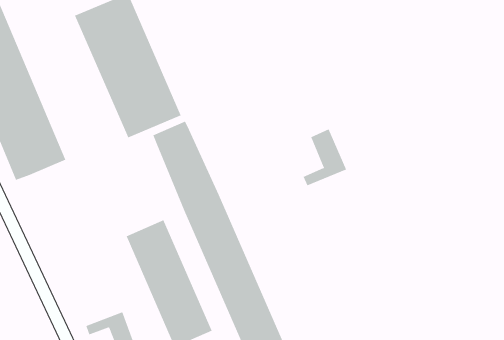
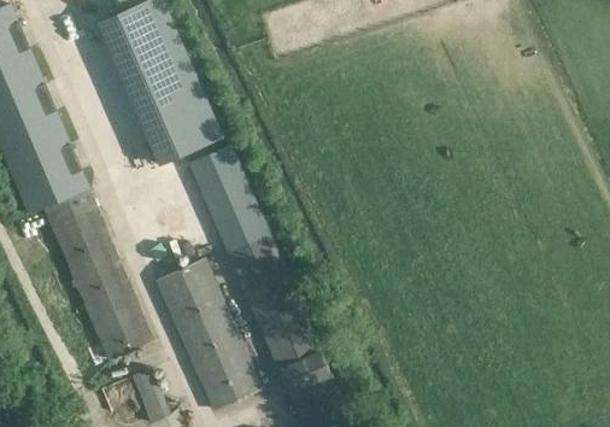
building: [303,128,347,186] -> none
building: none -> [46,189,152,361]

